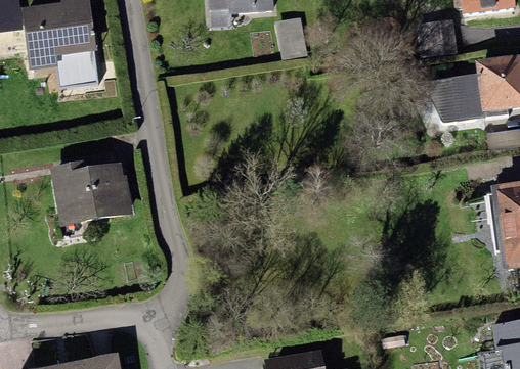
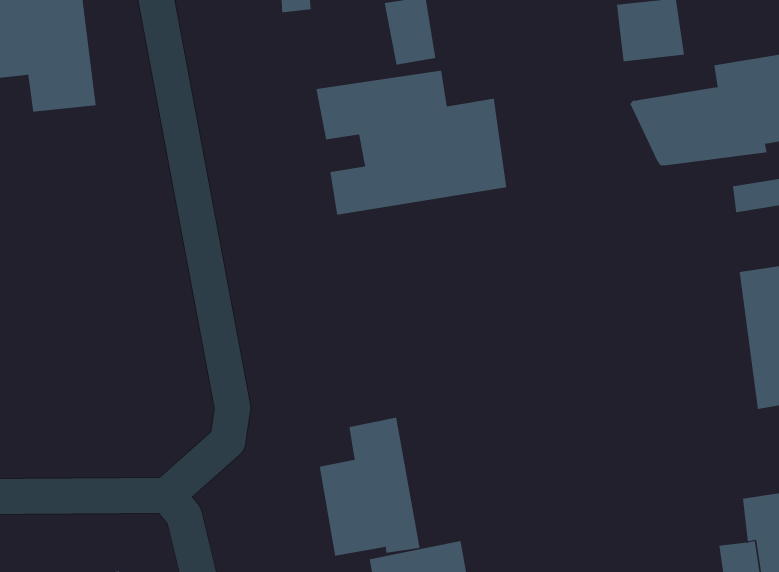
building: none -> [316,70,507,215]
building: [49,158,133,226] -> none
building: none -> [319,417,420,556]

